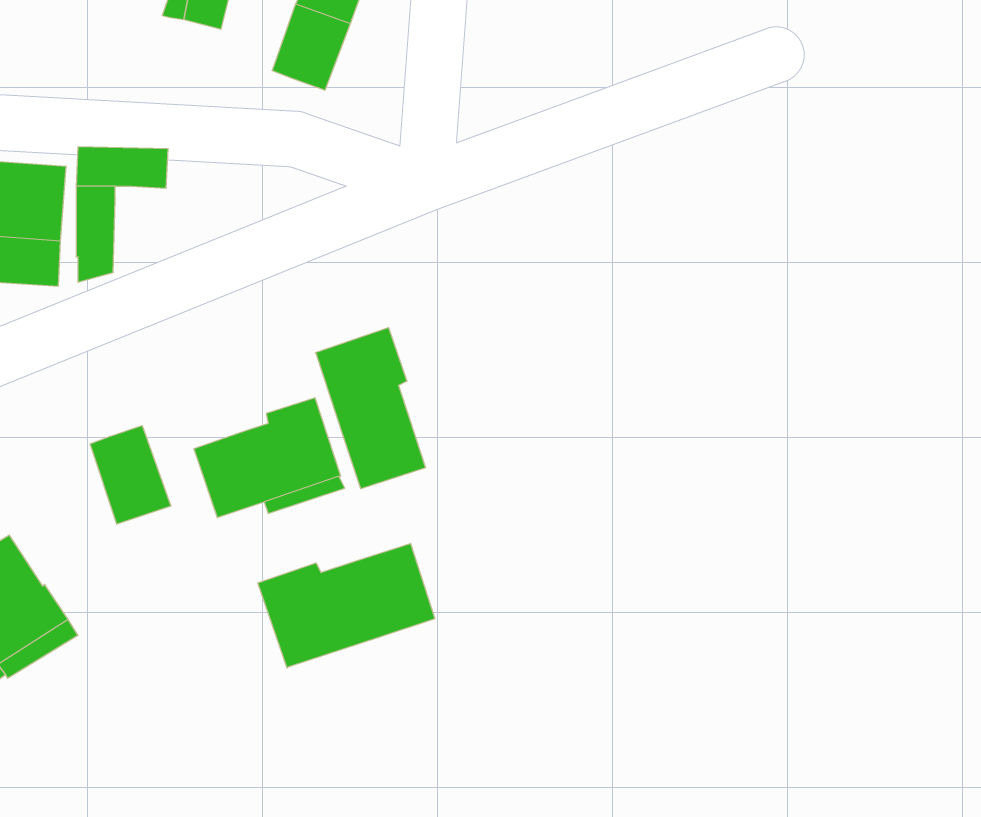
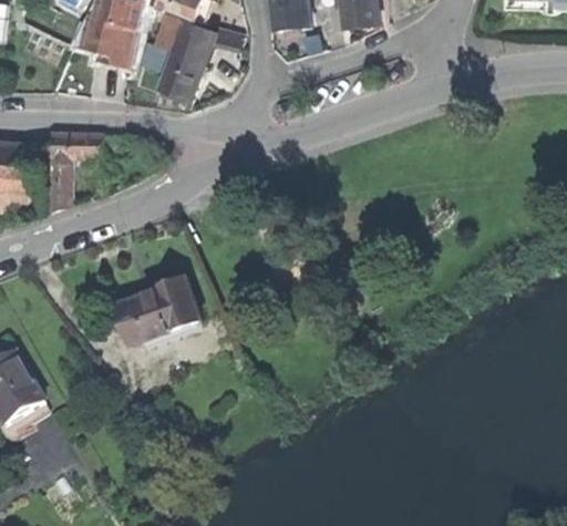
building: [315,328,425,489] -> none
building: [90,426,171,524] -> none
building: [258,543,435,668] -> none

